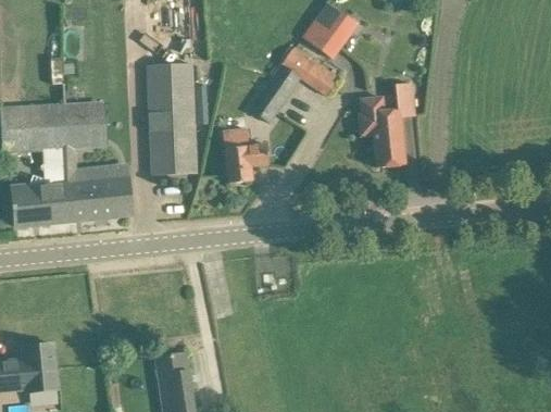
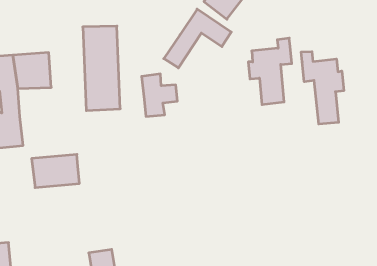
building: none -> [301,52,344,124]
building: [67,177,128,220] -> [32,154,79,188]

